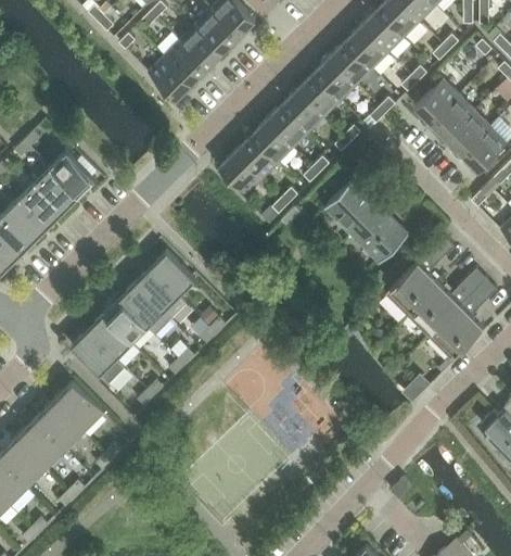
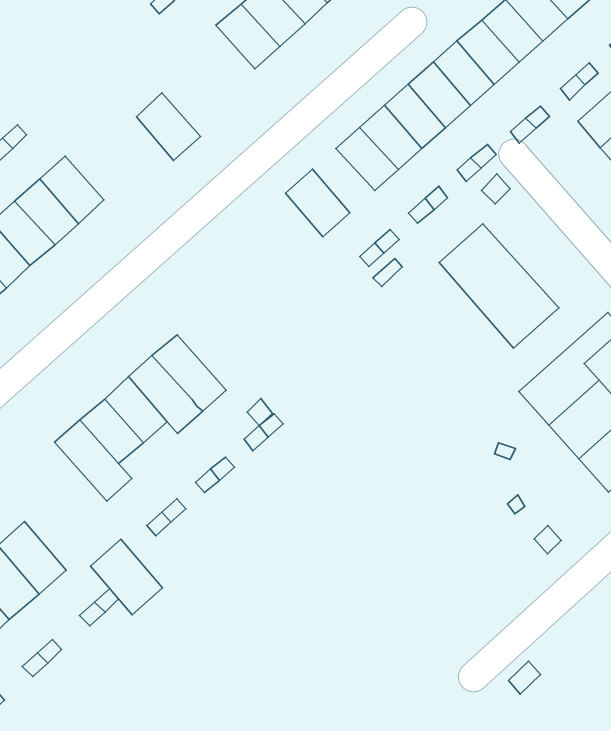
building: [149,55,193,101] -> [136,93,201,160]
building: [237,135,280,178] -> none
building: [151,251,195,296] -> none
building: [54,382,104,433] -> [91,539,162,615]

